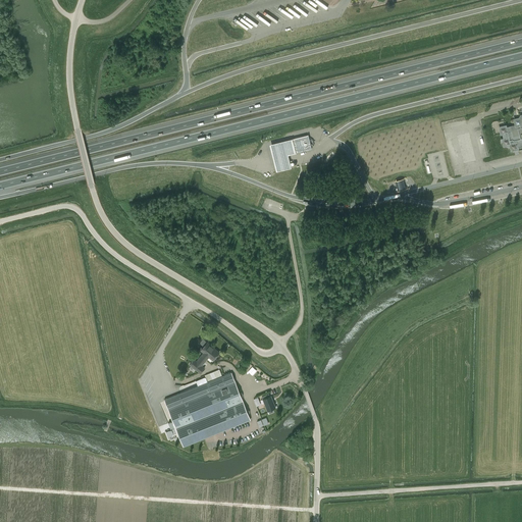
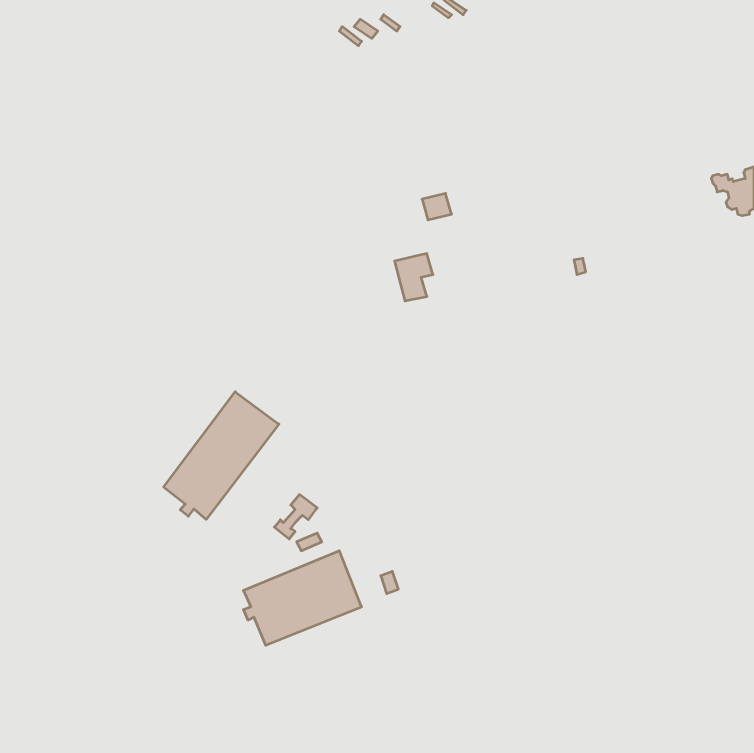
building: [269,138,296,170] -> [395,254,433,301]
building: none -> [164,392,279,519]

